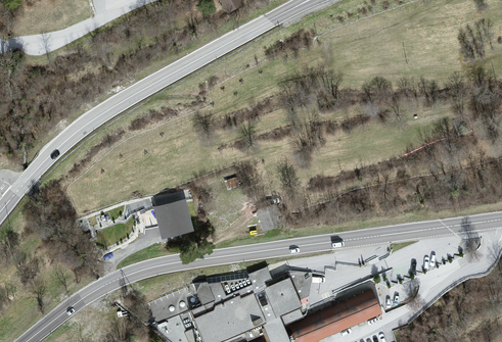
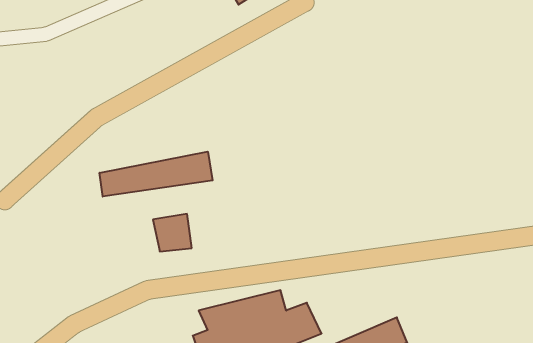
building: none -> [100,152,213,197]

